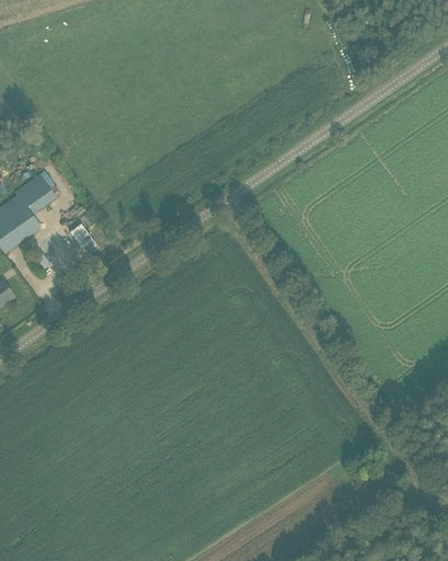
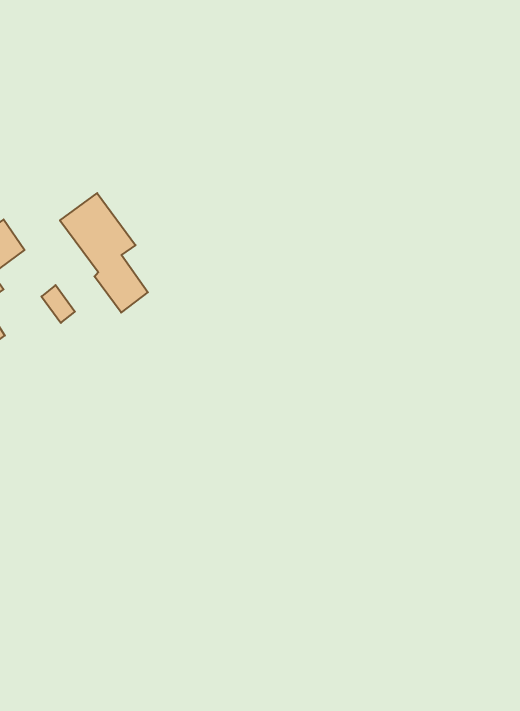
building: none -> [60,193,148,313]

